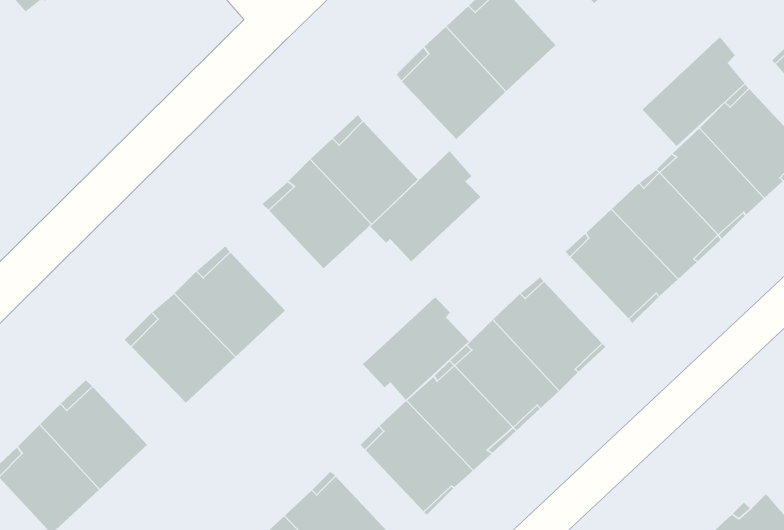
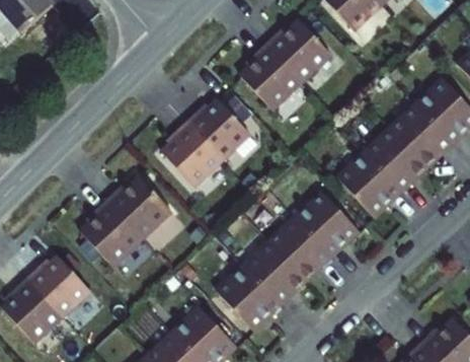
building: [642,36,745,147] -> none
building: [370,150,481,262] -> none
building: [362,297,469,401] -> none

